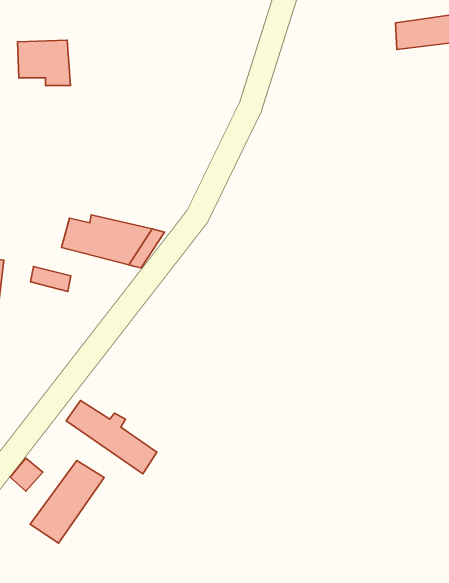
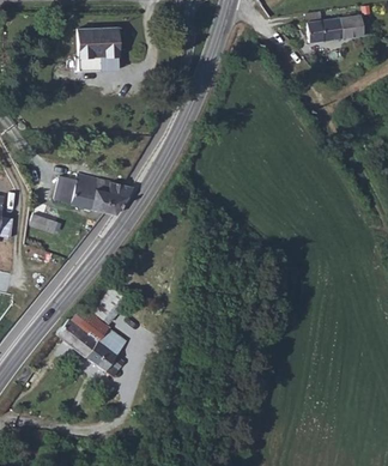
building: [17,40,70,86] -> [75,25,116,60]
building: [30,461,104,543] -> none

